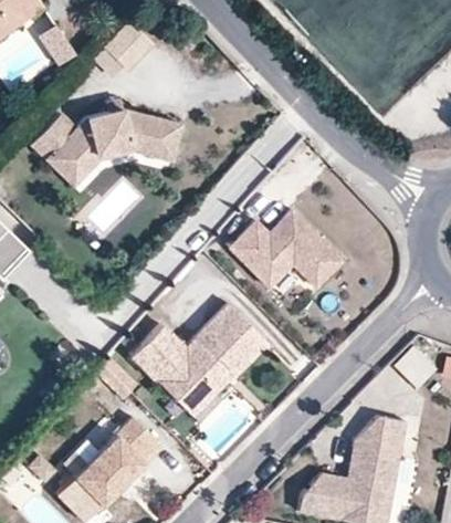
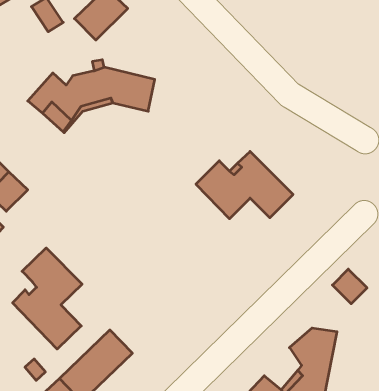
building: [134,307,266,410] -> none
building: none -> [13,248,82,349]

